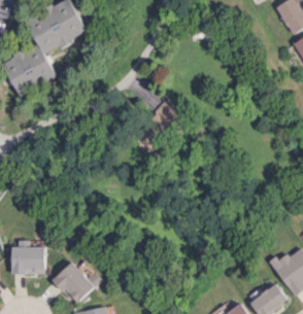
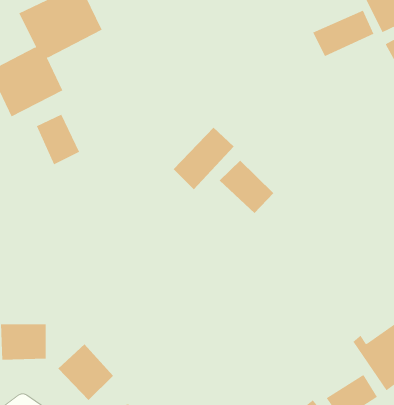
building: none -> [313,10,374,57]
building: none -> [36,114,80,165]
building: none -> [219,160,274,214]

